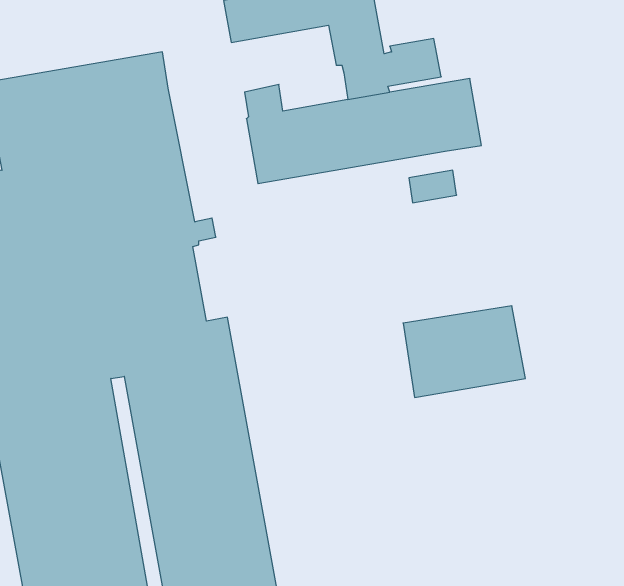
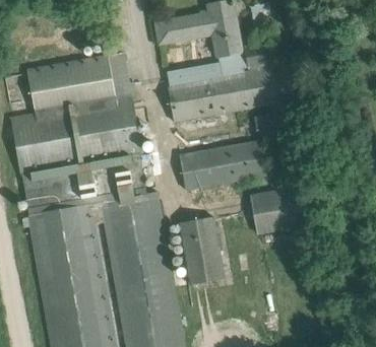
building: none -> [179,140,265,196]
building: none -> [178,216,224,284]

